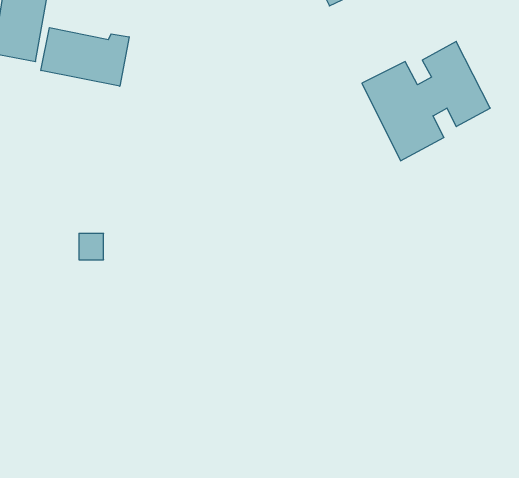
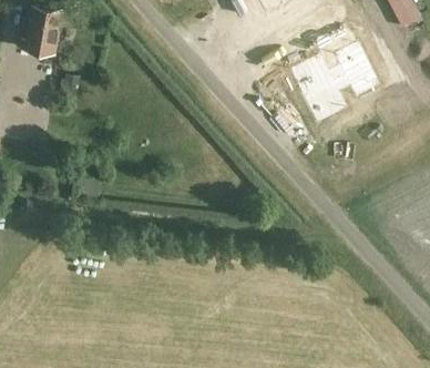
building: [41,28,129,86] -> none

